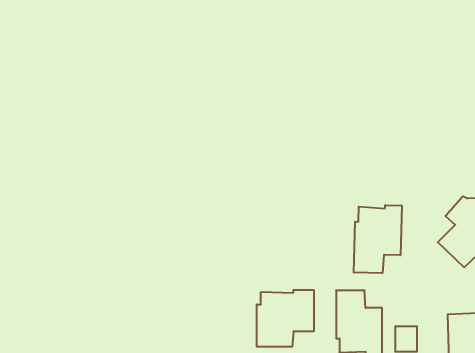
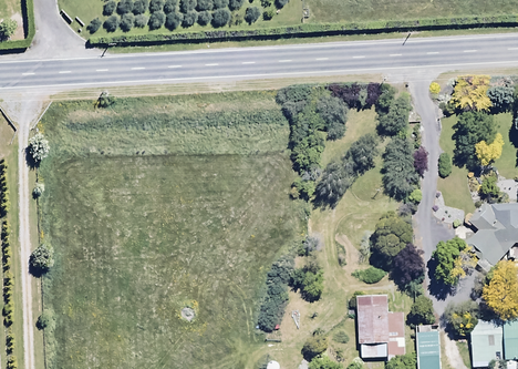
building: [354,205,402,273] -> none
building: [257,290,314,347] -> none

